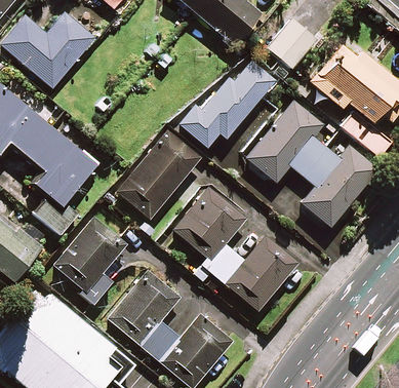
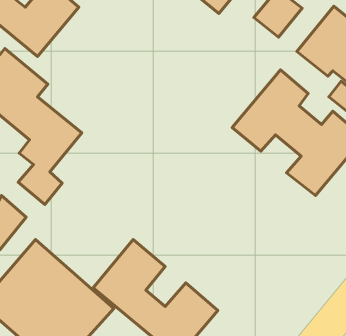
building: [178,61,275,149] -> none
building: [117,131,200,220] -> none
building: [173,187,295,311] -> none
building: [52,219,124,302] -> none

